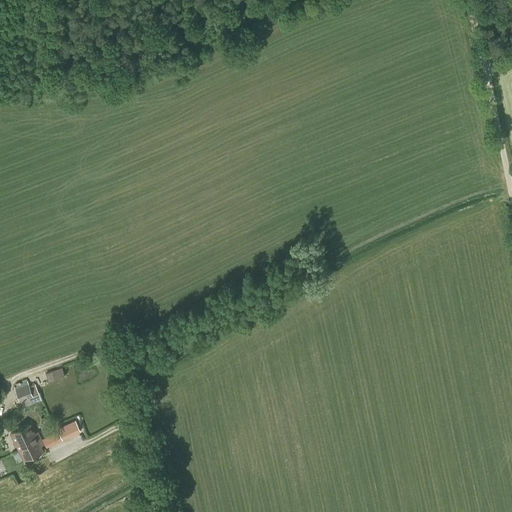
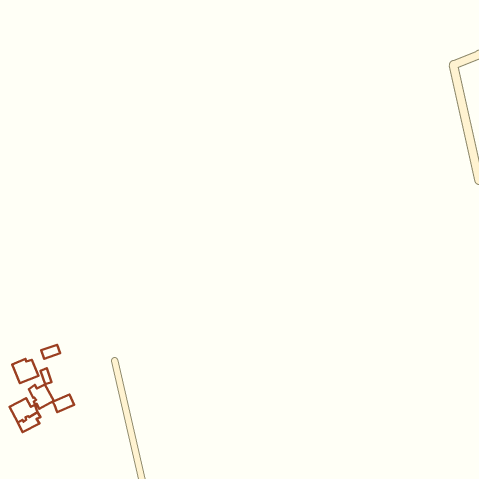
building: none -> [29,385,54,409]

